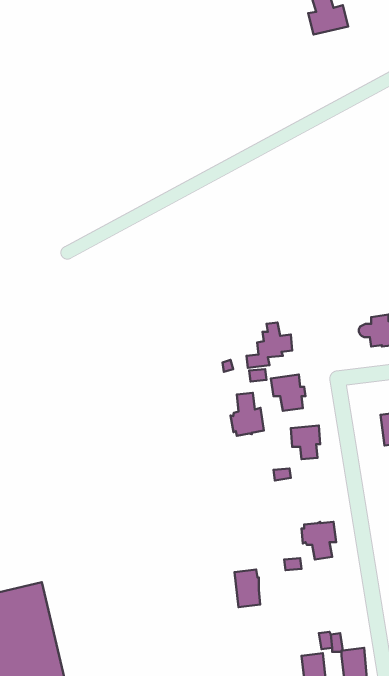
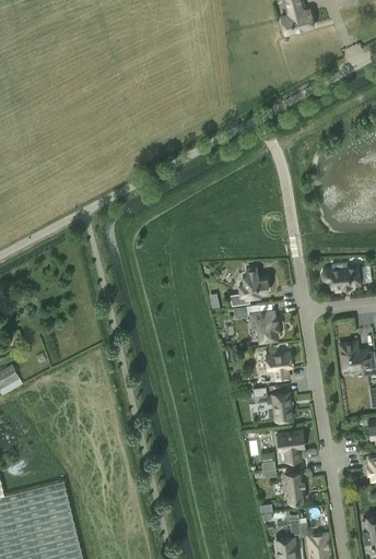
building: [230,393,264,436] -> none
building: none -> [272,392,293,419]
building: [235,570,260,607] -> [284,471,305,501]

